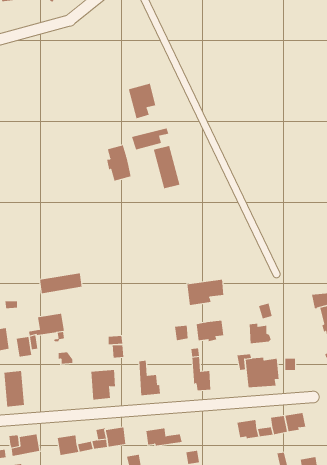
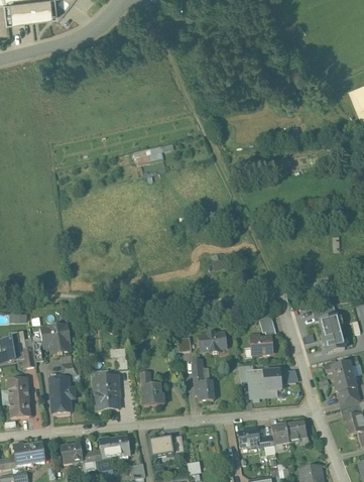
building: [128,83,156,119] -> none
building: [107,145,131,182] -> none
building: [153,145,180,189] -> none
building: [39,273,82,294] -> none
building: [187,279,224,306] -> none
building: none -> [50,378,70,412]

